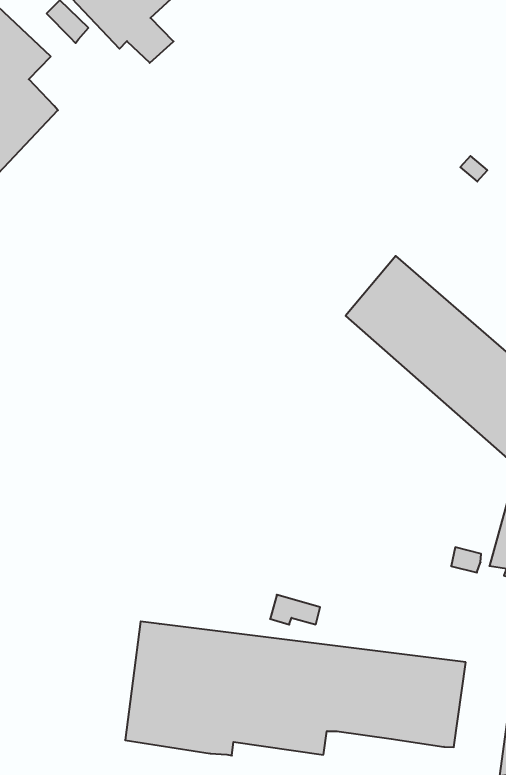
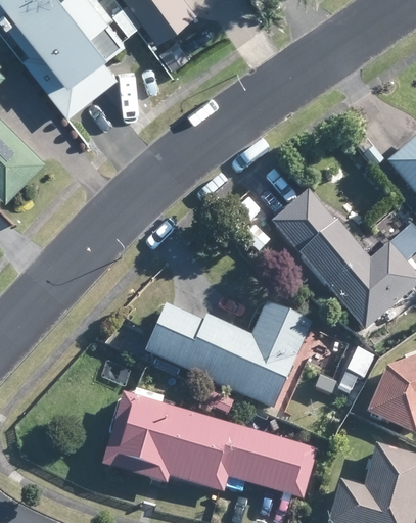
building: none -> [144,302,309,407]

